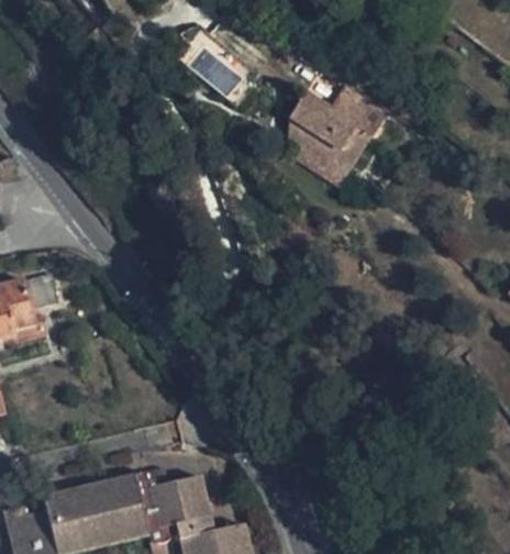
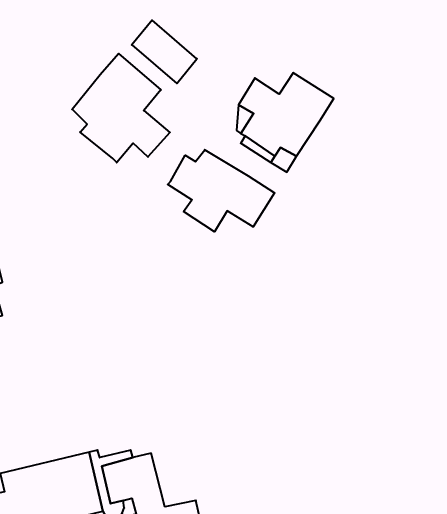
building: none -> [72,54,170,163]
building: none -> [168,150,275,232]

